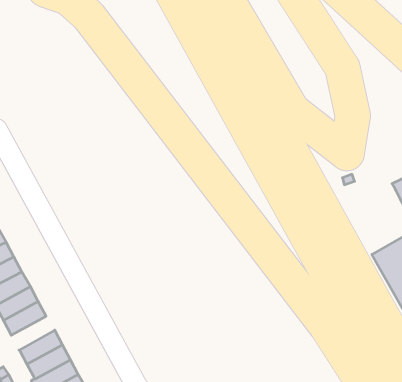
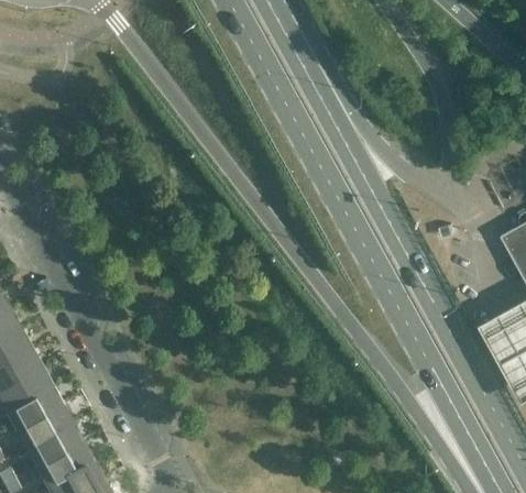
building: none -> [14,405,74,451]

